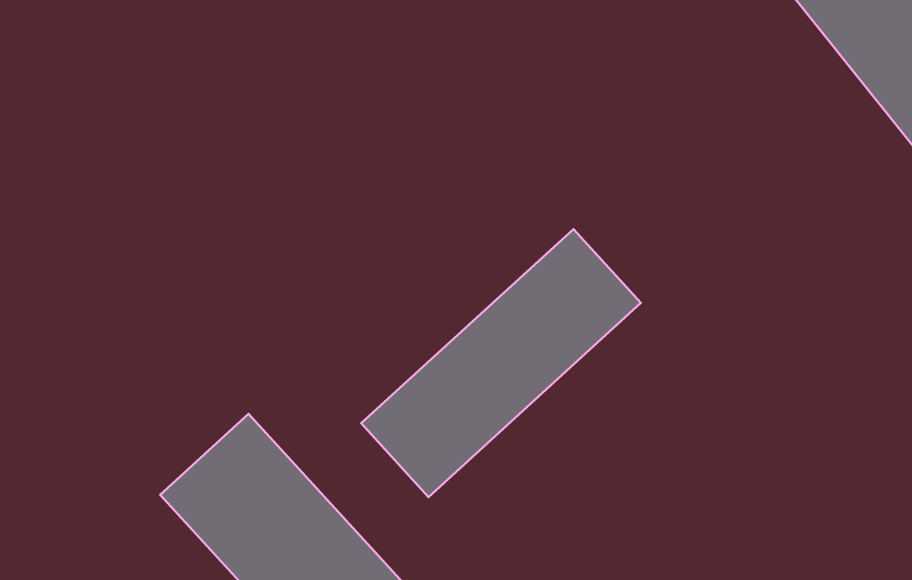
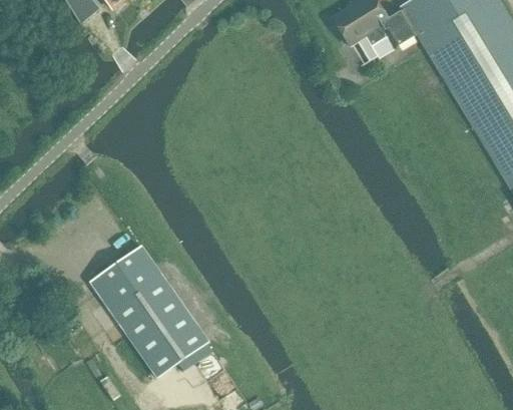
building: [361,229,641,497] -> none

